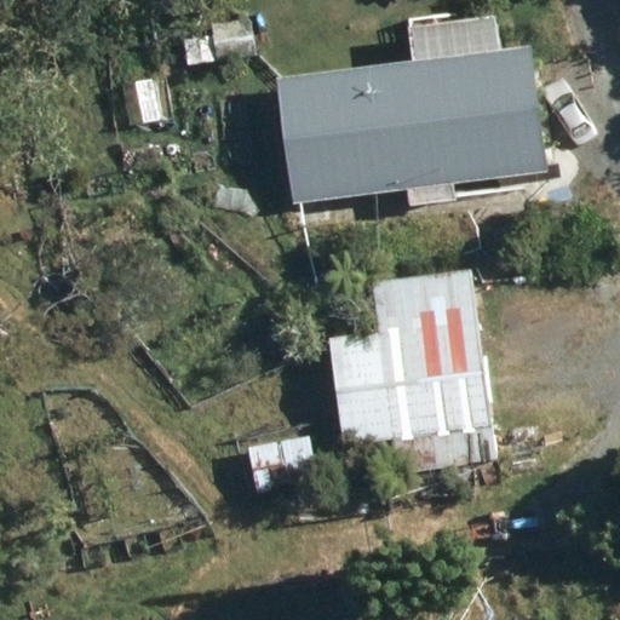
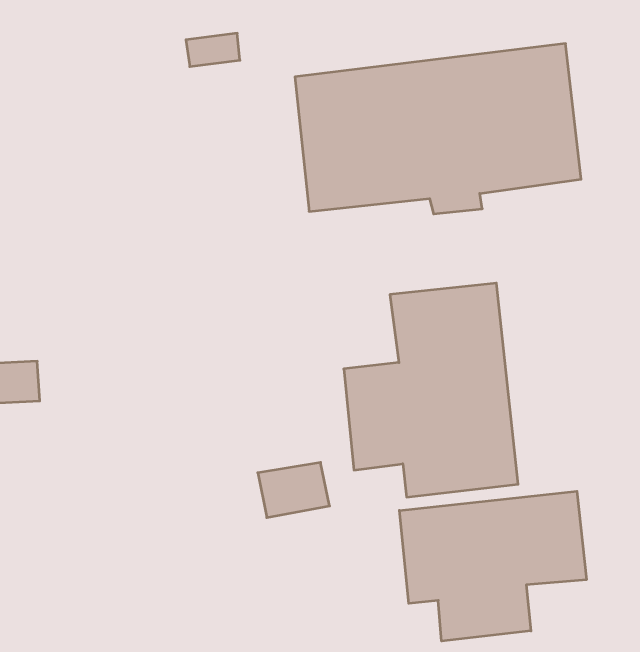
building: none -> [399,491,586,641]

